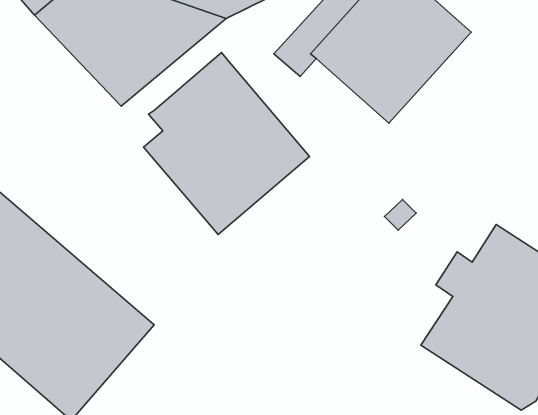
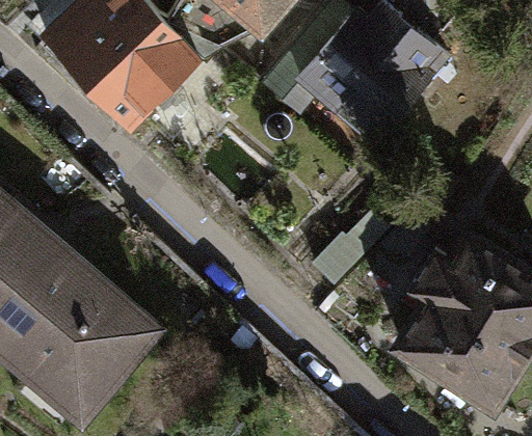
building: [144,52,309,235] -> none

